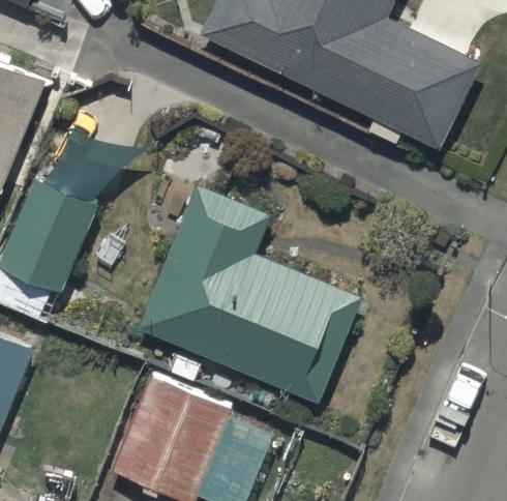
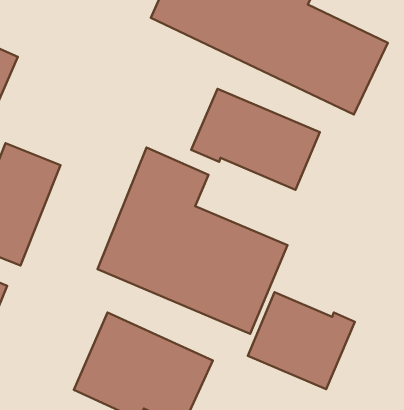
building: none -> [191,89,320,190]
building: none -> [248,292,355,389]

